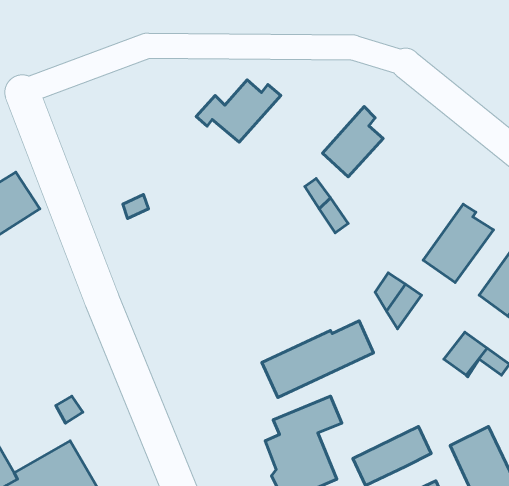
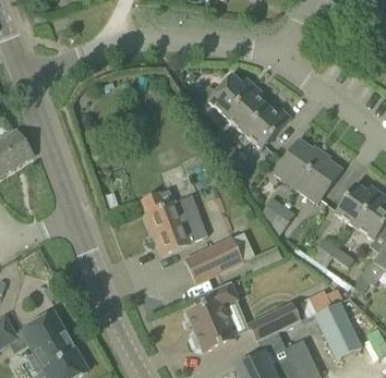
building: [196,80,281,142] -> [196,73,254,115]
building: none -> [243,106,290,148]
building: none -> [273,137,322,188]
building: none -> [142,193,207,253]

